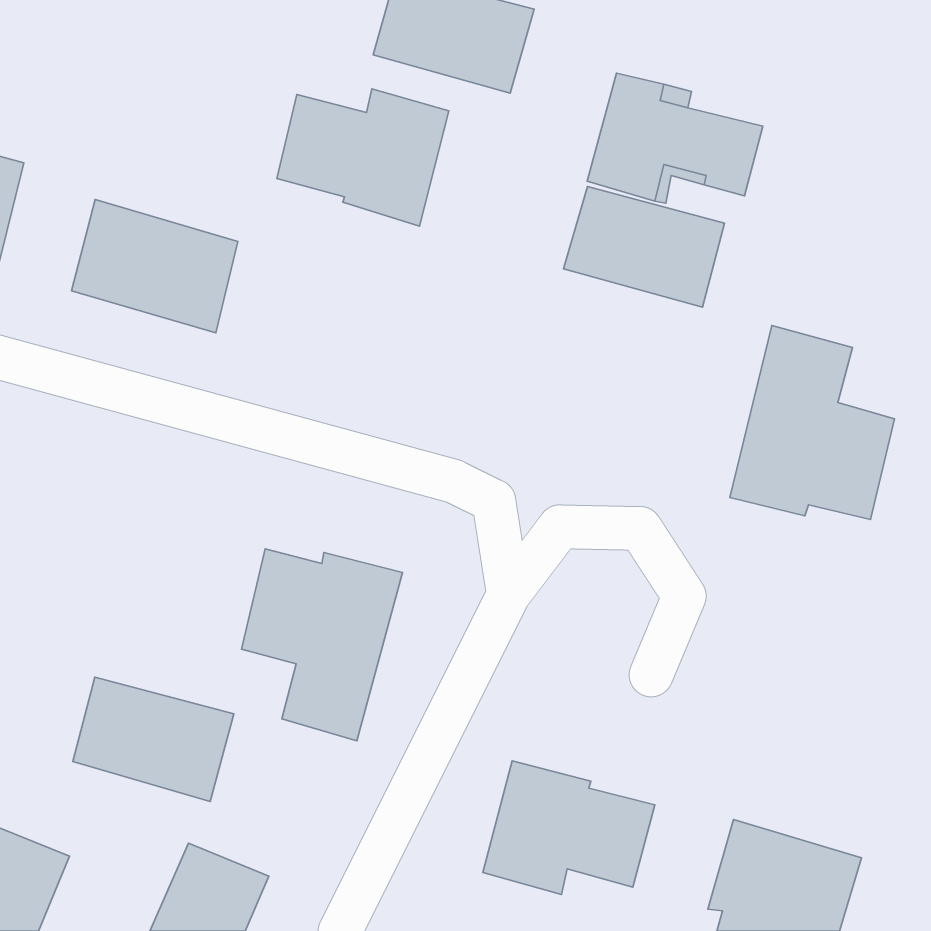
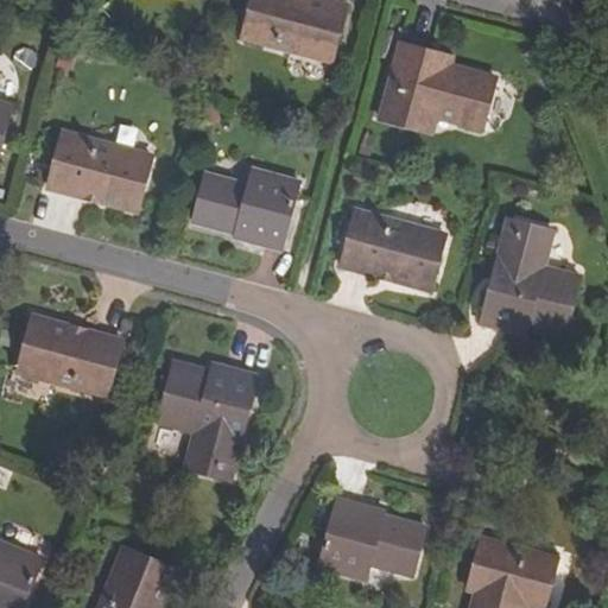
building: [277,89,449,226] -> [189,166,300,255]
building: [564,187,725,307] -> [342,211,446,290]
building: [73,677,234,802] -> [15,315,120,395]

